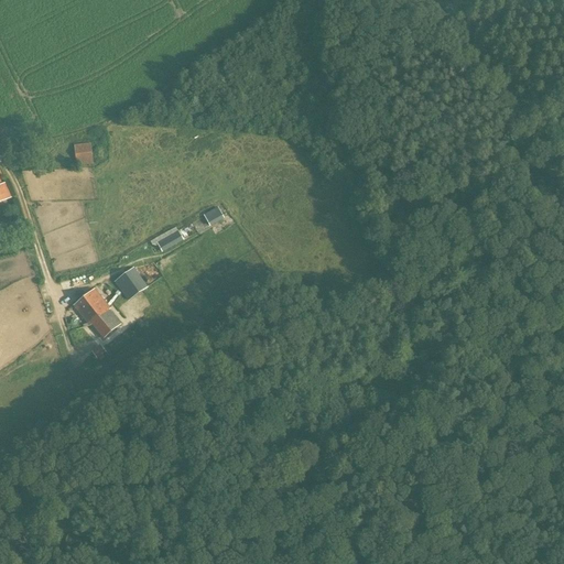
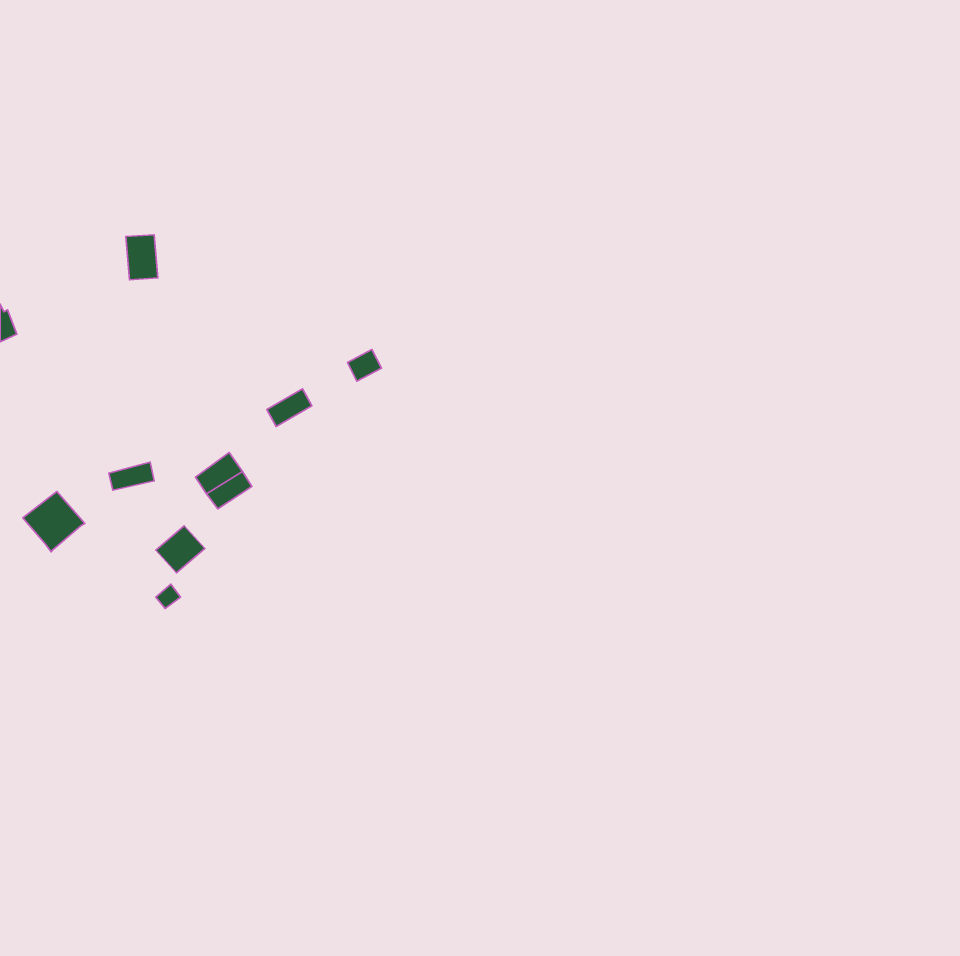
building: [74,289,110,324] -> [23,492,85,552]

